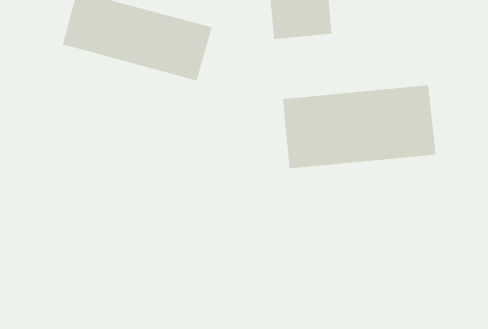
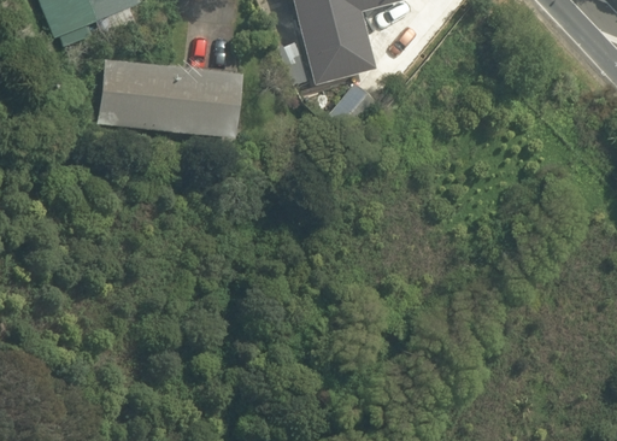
building: [282,84,437,169] -> none

